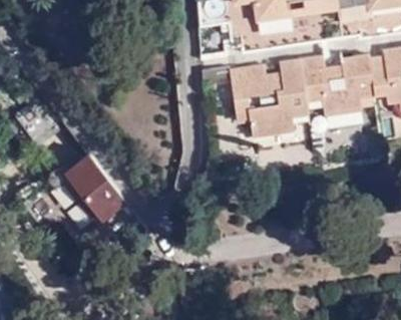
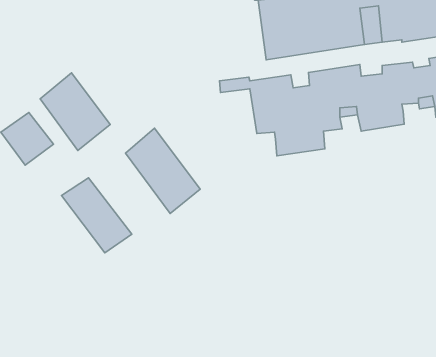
building: none -> [40,73,110,150]
building: none -> [125,128,200,214]

